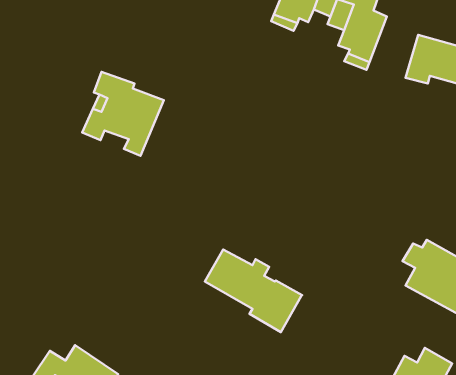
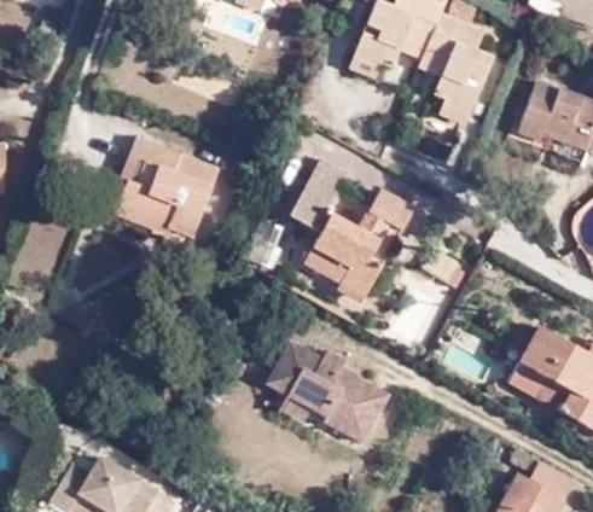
building: none -> [293,165,420,308]

